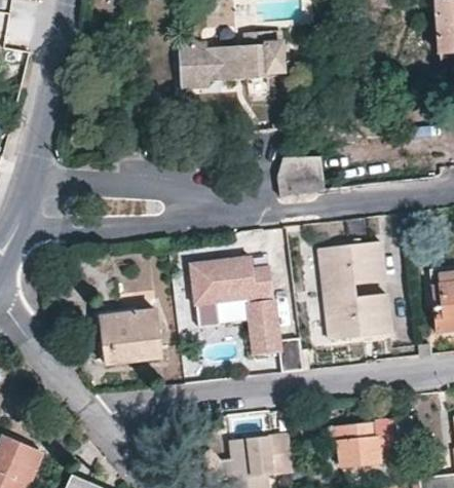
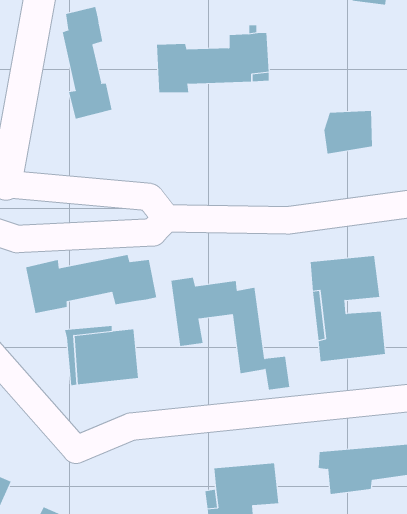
building: none -> [62,6,112,119]
building: [277,155,324,196] -> [324,110,373,154]
building: none -> [25,254,157,314]

